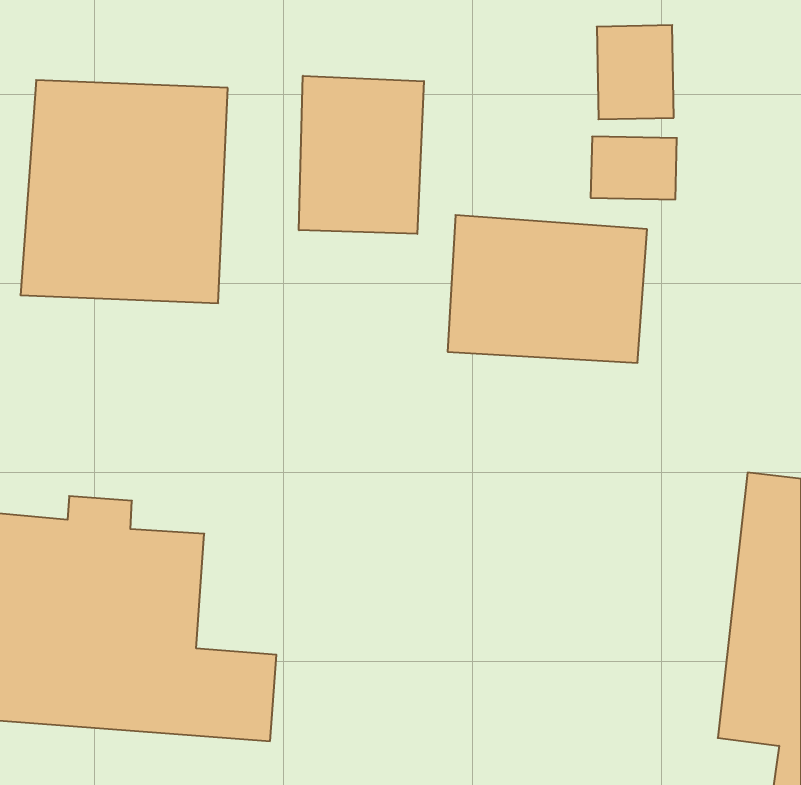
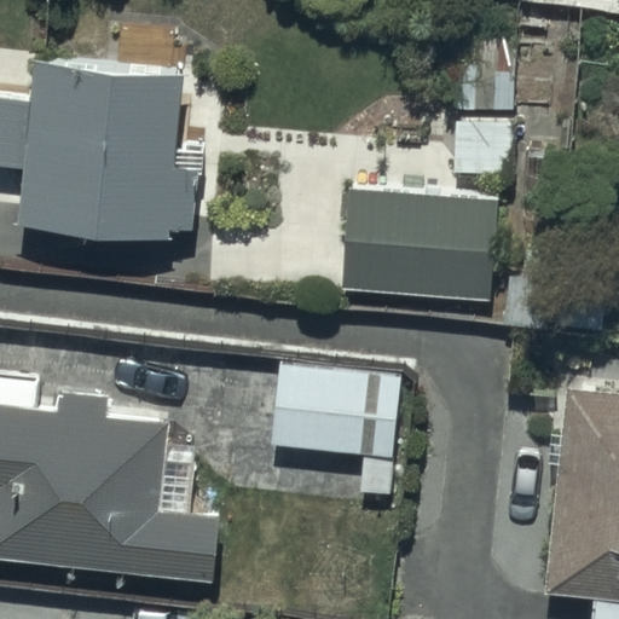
building: [299,76,424,234] -> none
building: none -> [273,358,405,490]

